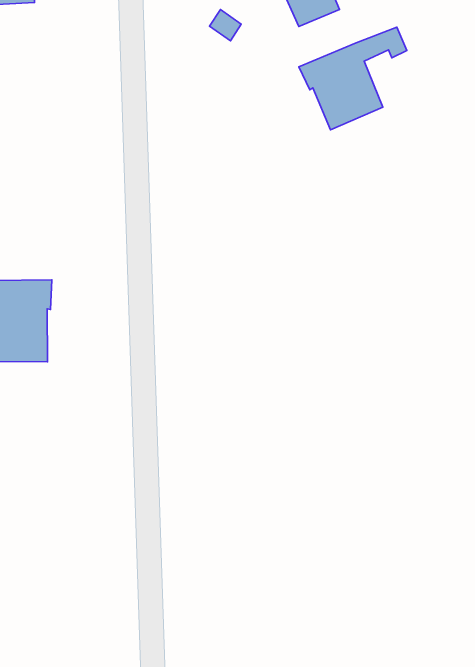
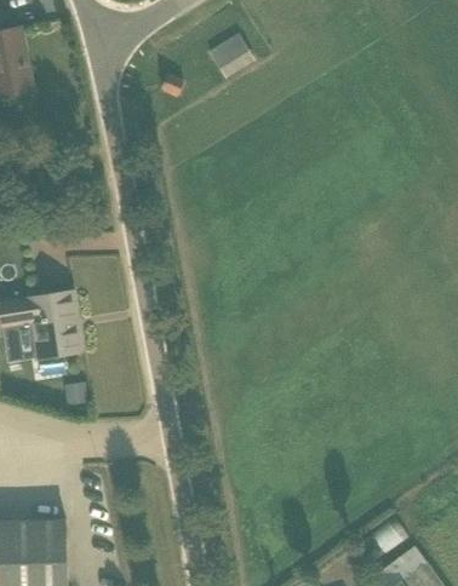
building: [299,27,407,130] -> none

